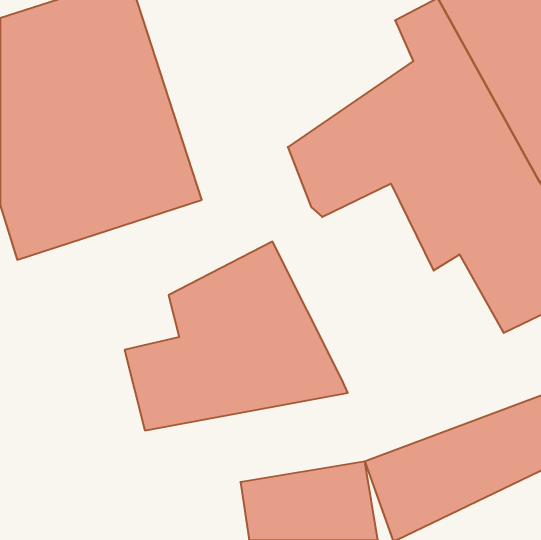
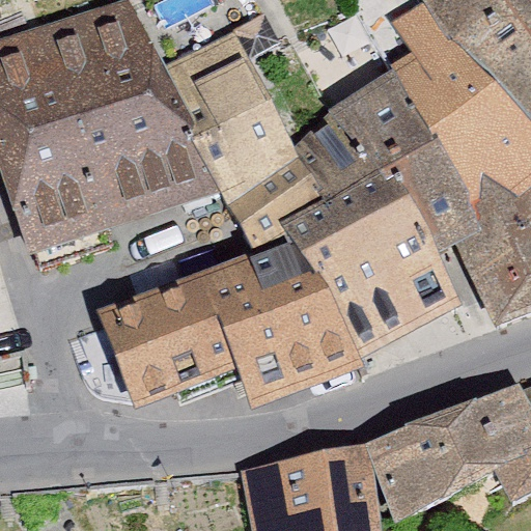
building: none -> [162,33,308,242]
building: none -> [271,177,451,366]

